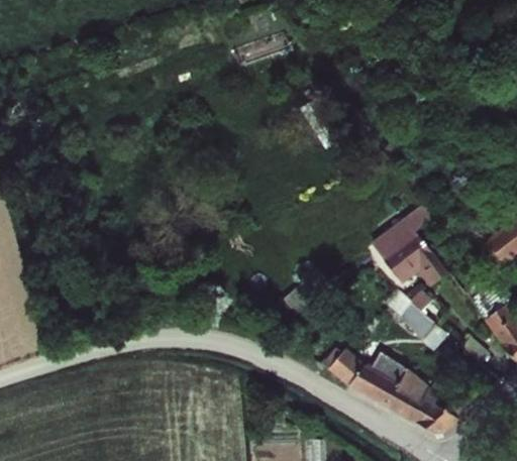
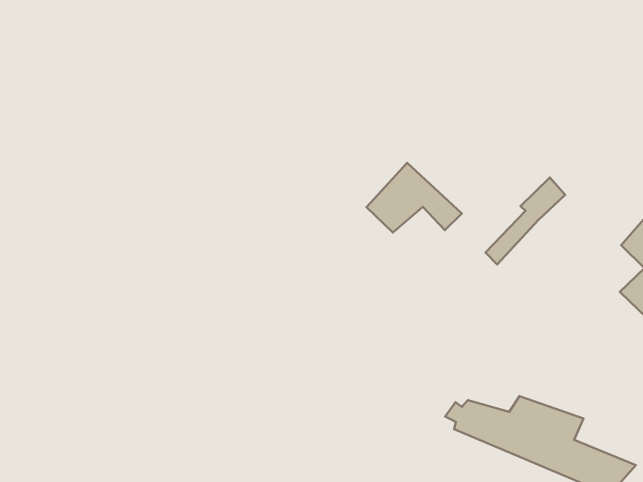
building: [381,231,448,283] -> [366,163,462,233]
building: [383,290,445,340] -> none

